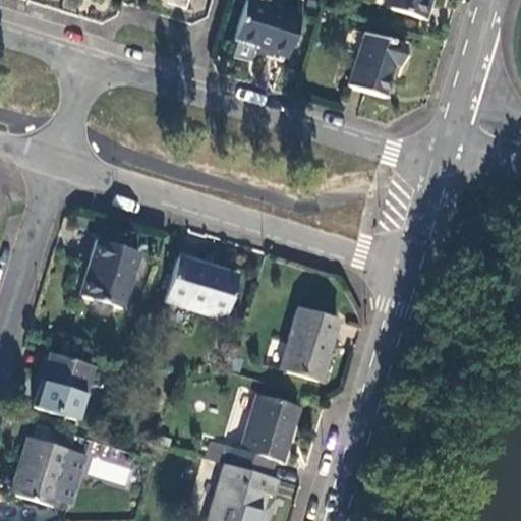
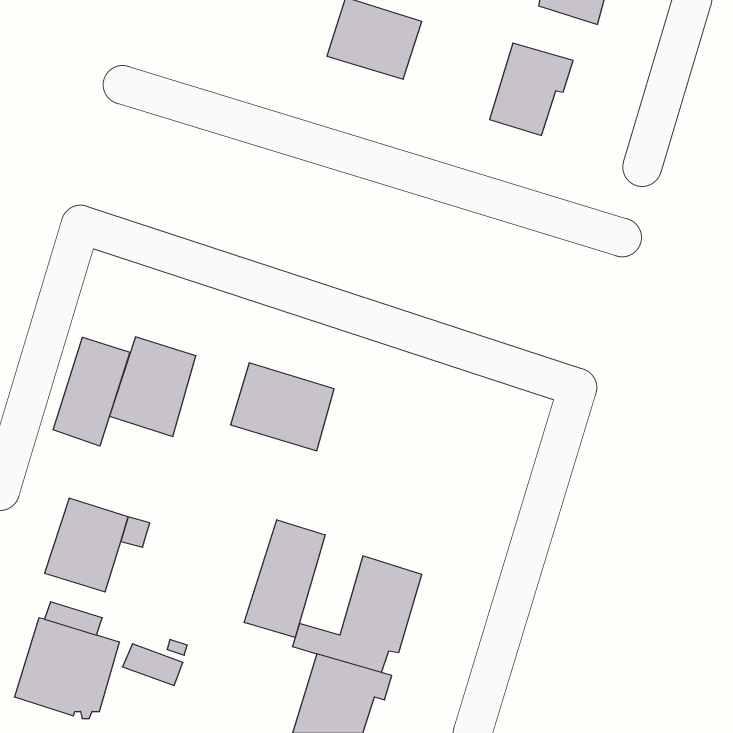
building: none -> [53,337,130,446]
building: [280,308,338,381] -> none
building: none -> [244,520,325,638]

